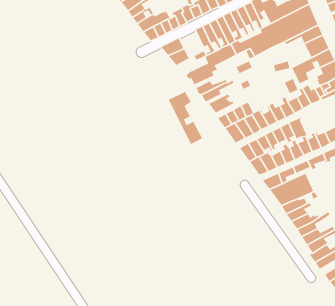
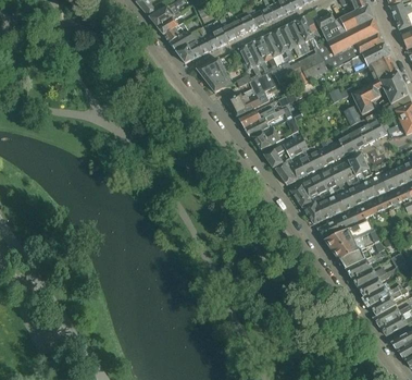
building: [168,91,203,145] -> none

